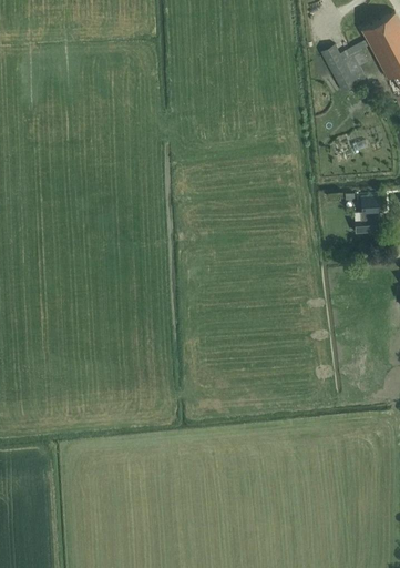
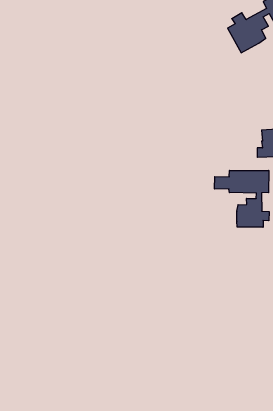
building: none -> [215,170,269,227]

